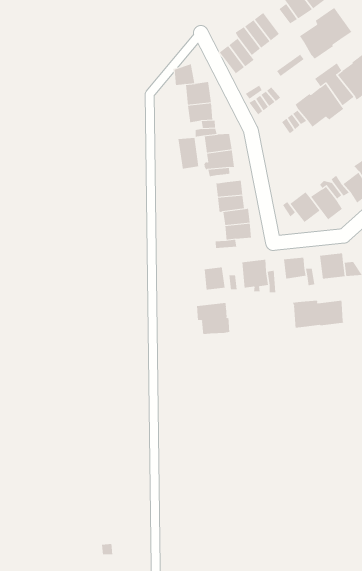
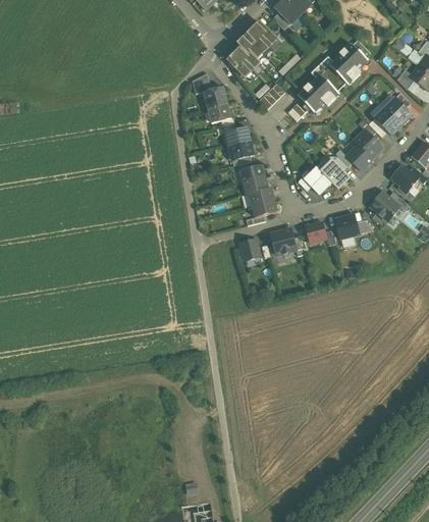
building: [299,7,352,60] -> none
building: [178,137,199,169] -> none
building: [292,300,345,328] -> none
building: [196,302,230,335] -> none

